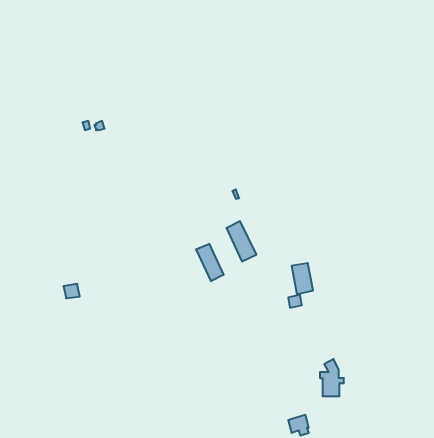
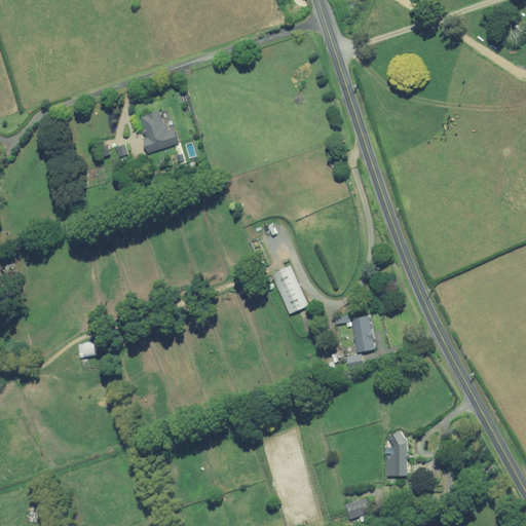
building: none -> [139,109,179,153]
building: [196,244,224,281] -> none

